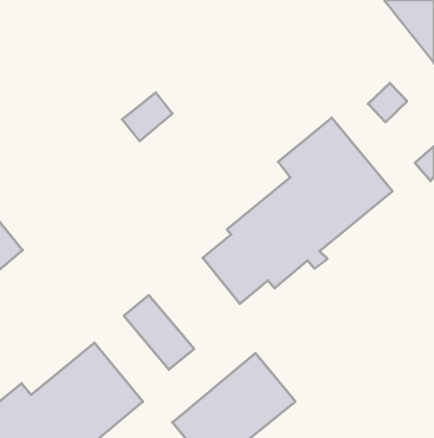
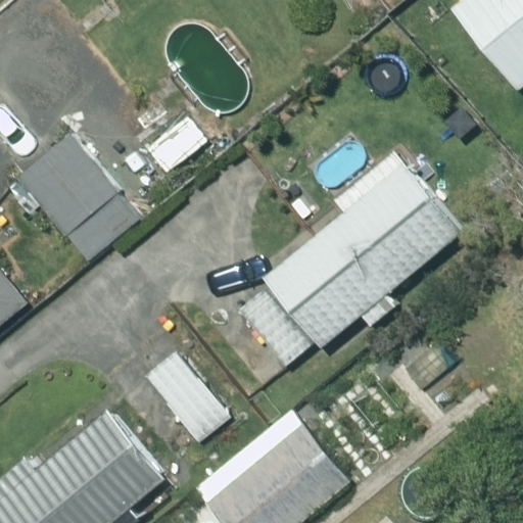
building: none -> [19,137,137,259]

